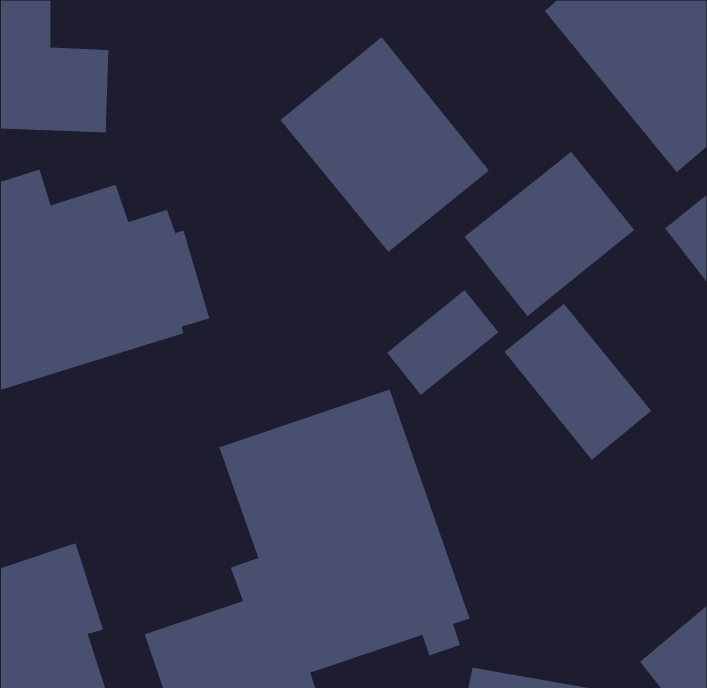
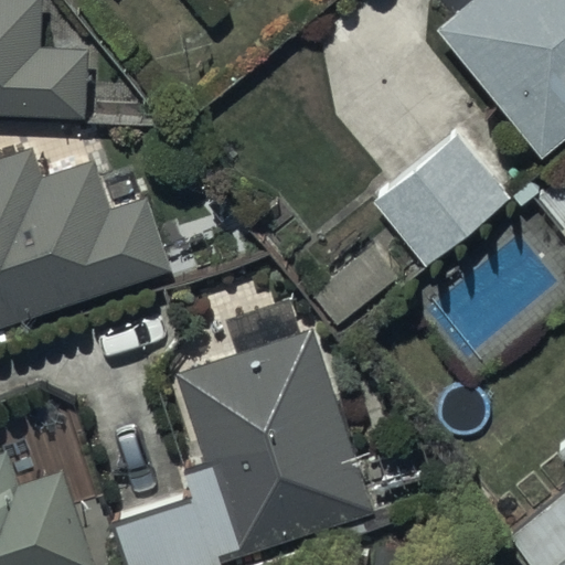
building: [279,36,490,253] -> none
building: [504,303,652,461] -> none

